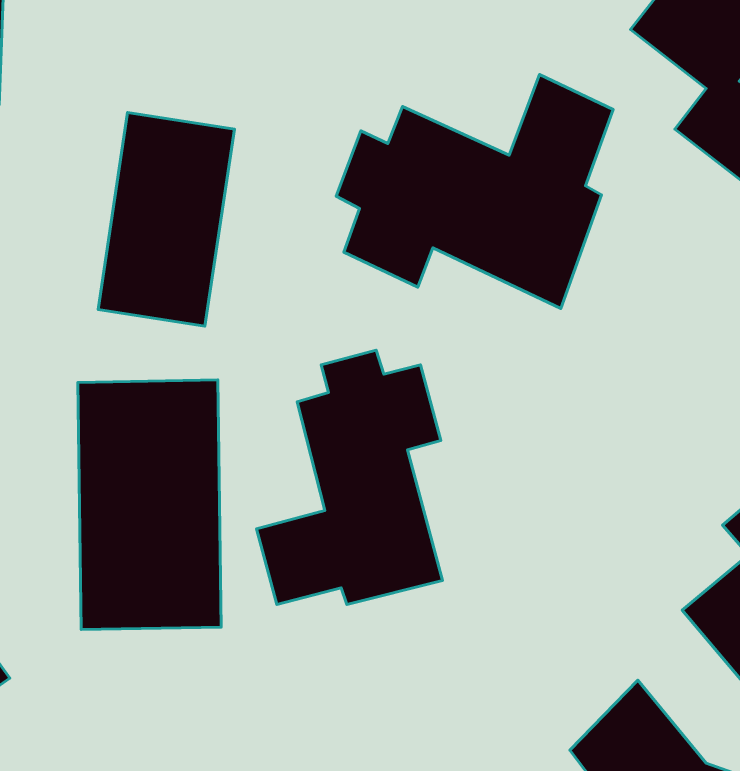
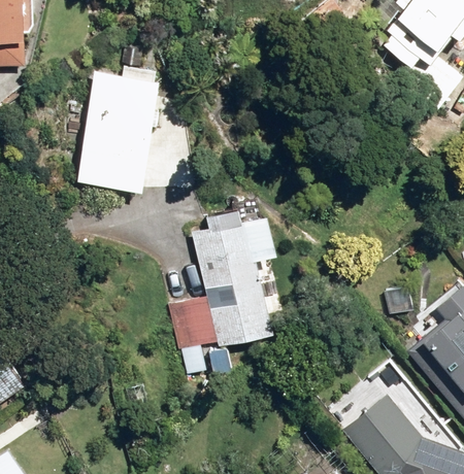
building: [336,75,613,308] -> none
building: [78,380,221,630] -> none

